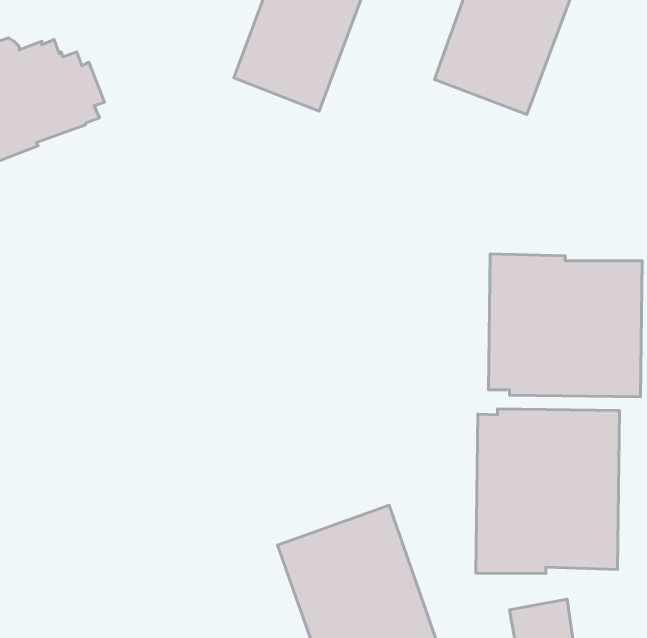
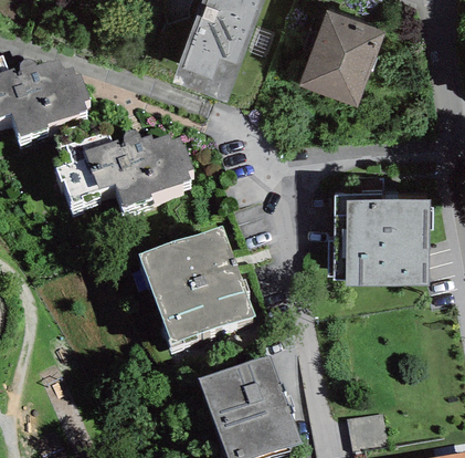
building: none -> [56,129,194,207]
building: none -> [139,226,255,346]
building: [476,409,620,573] -> none

